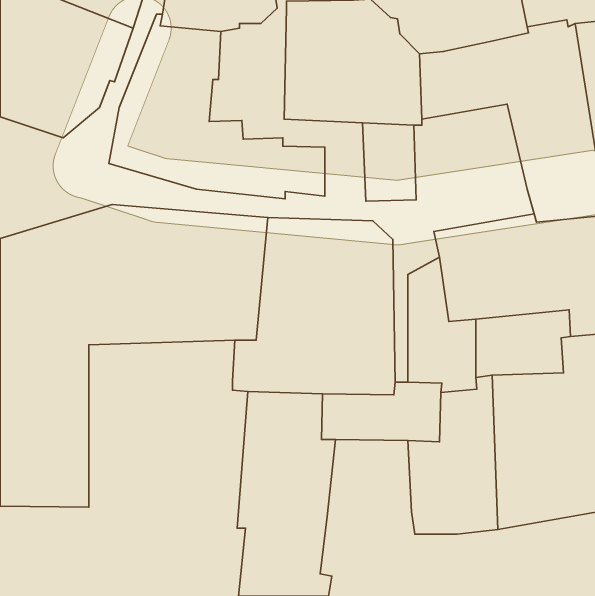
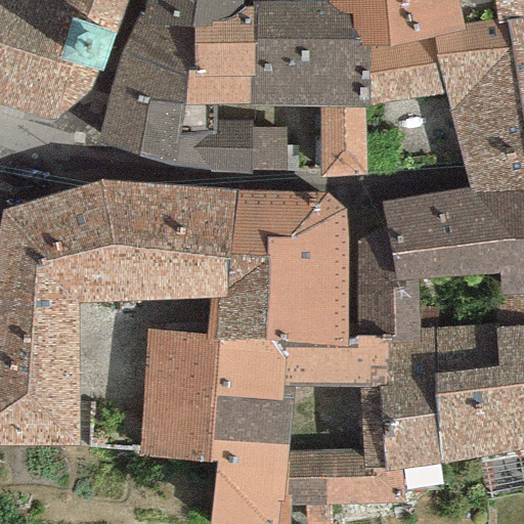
building: none -> [185,7,253,106]
building: none -> [137,330,219,463]
building: none -> [282,448,403,505]

